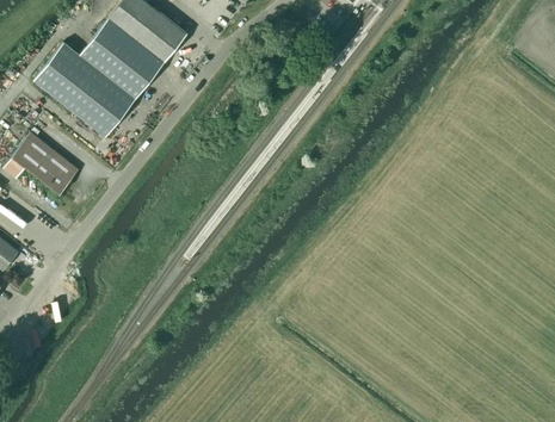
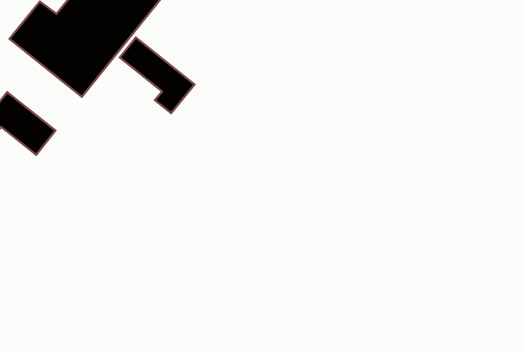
building: none -> [120,37,194,113]

